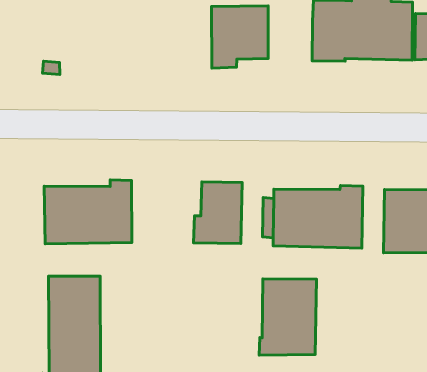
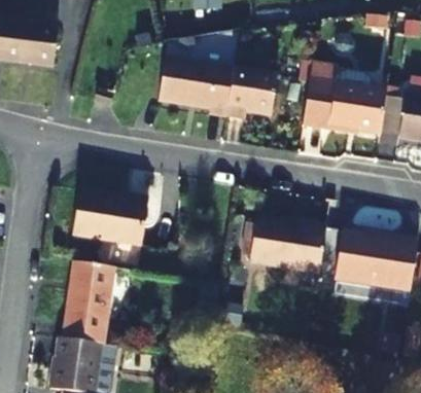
building: none -> [156,61,233,118]
building: [193,182,242,244] -> none
building: [259,279,317,355] -> none

